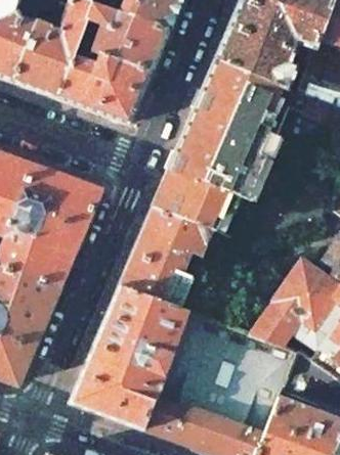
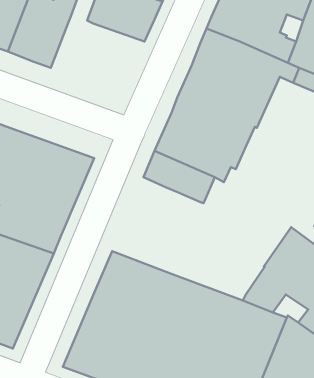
building: [56,53,152,125] -> none
building: [119,210,209,308] -> none

